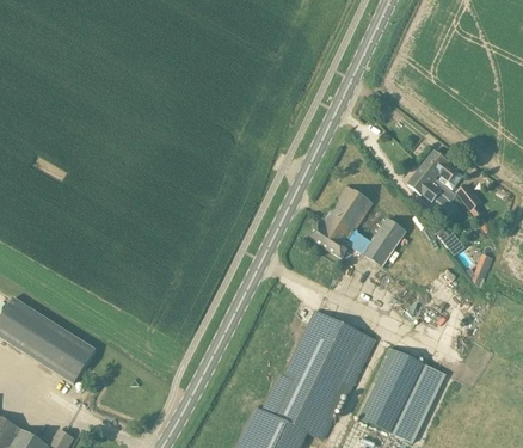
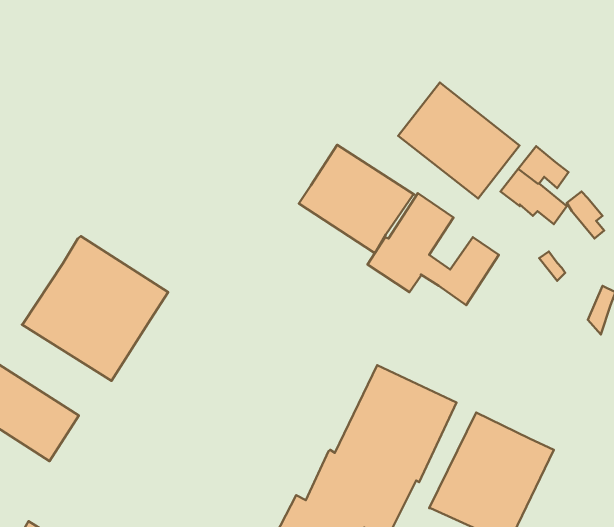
building: none -> [398,83,520,199]
building: none -> [299,145,414,253]
building: none -> [22,236,168,381]

